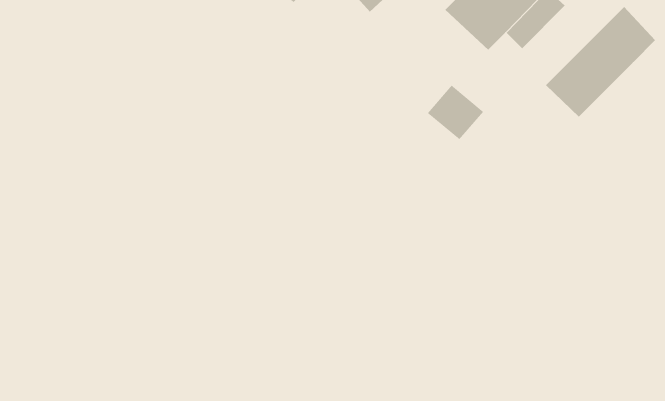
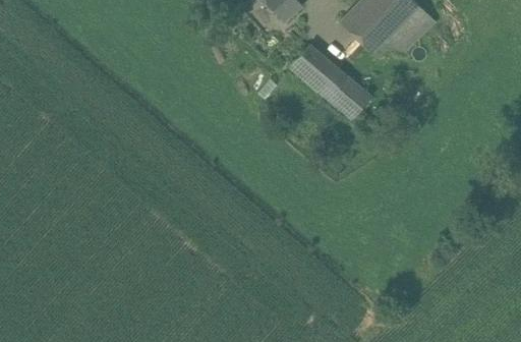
building: [545,6,656,117] -> none
building: none -> [290,45,346,98]

